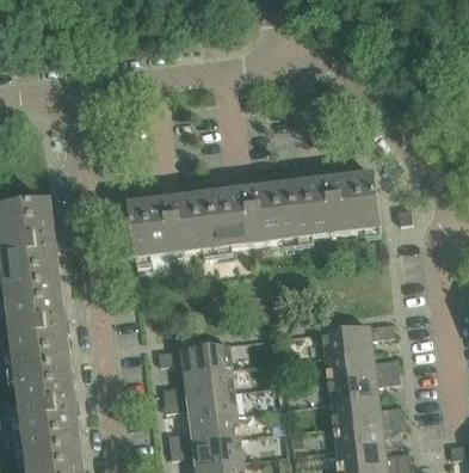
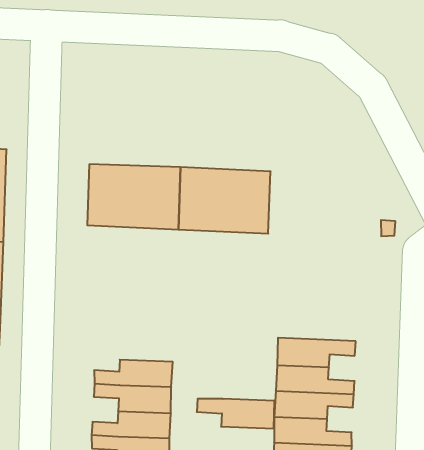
building: [290,171,379,238] -> none
building: [158,342,230,373] -> [197,399,274,429]

